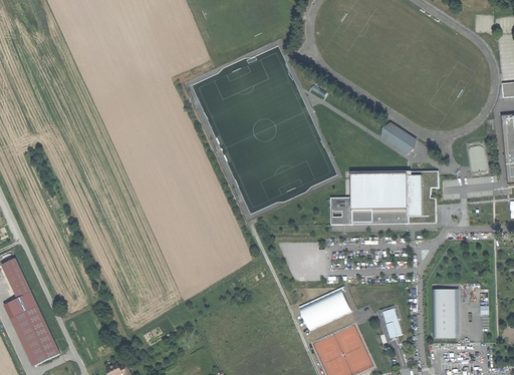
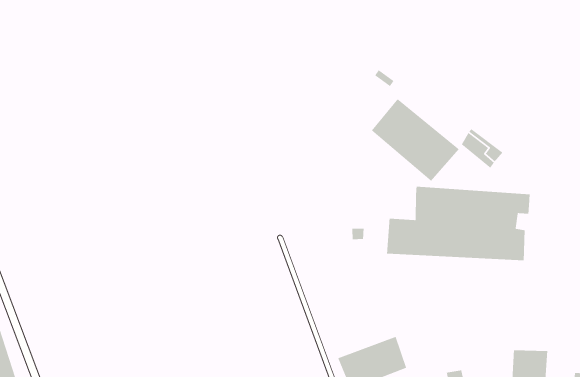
building: none -> [371,98,460,182]

